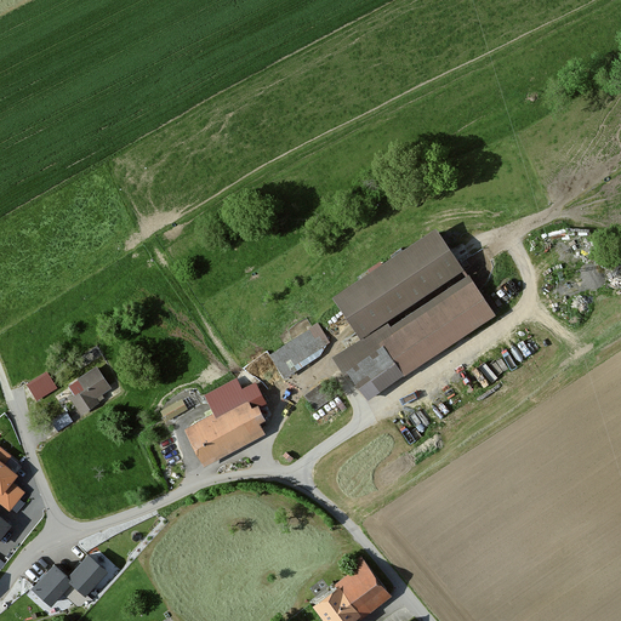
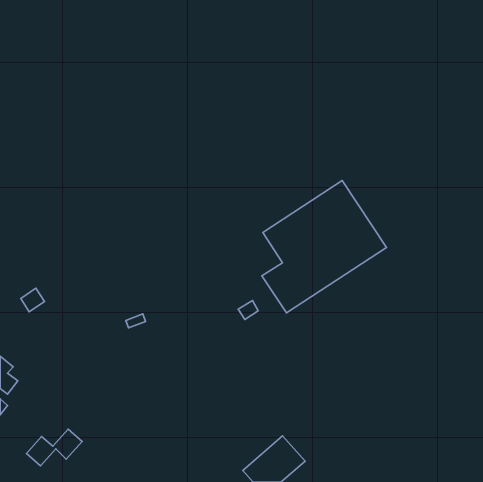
building: [266,323,331,380] -> none
building: [69,368,110,411] -> none
building: [186,380,270,463] -> none

